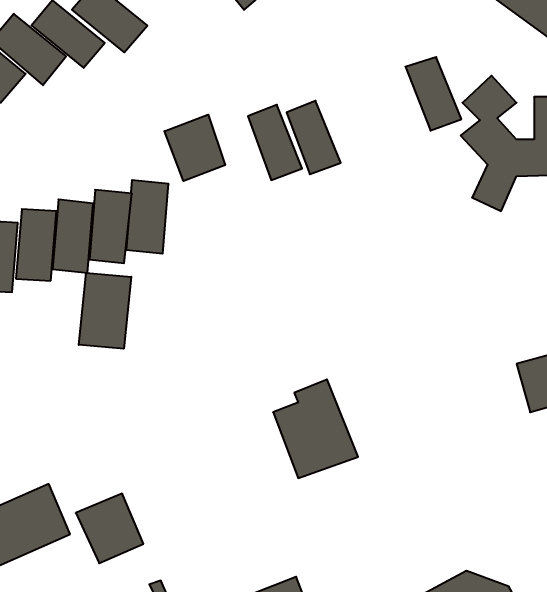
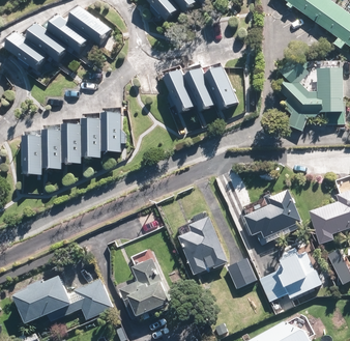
building: [405,57,461,131] -> [207,67,237,107]
building: [164,115,225,181] -> none
building: [79,273,131,349] -> none
building: none -> [247,190,302,235]
building: none -> [261,252,320,297]
building: none -> [120,260,173,316]
building: none -> [228,262,255,287]

